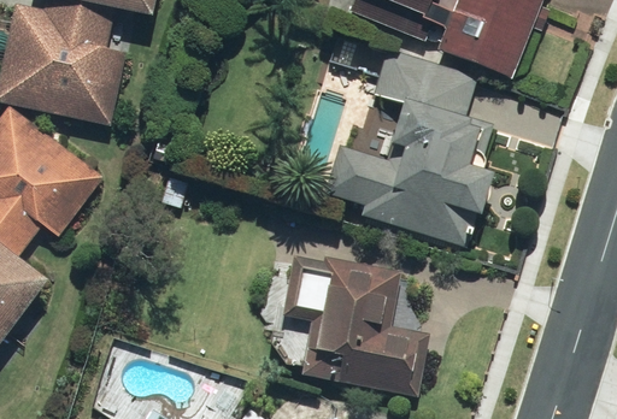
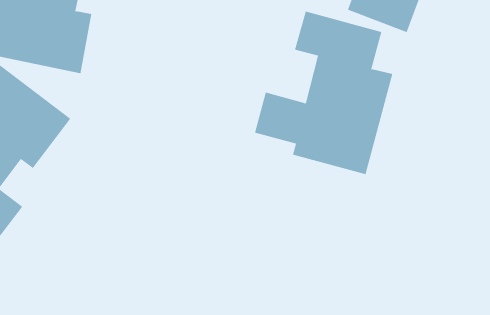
building: [280,258,428,394] -> none

